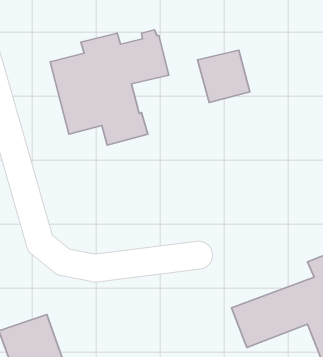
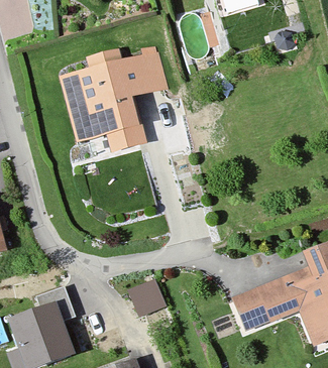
building: [198,50,250,103] -> none
building: none -> [132,274,171,312]

